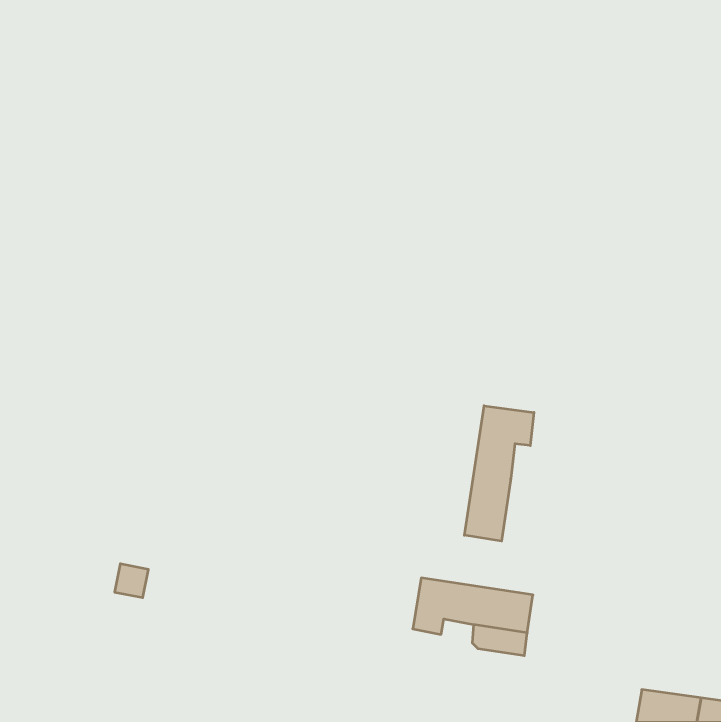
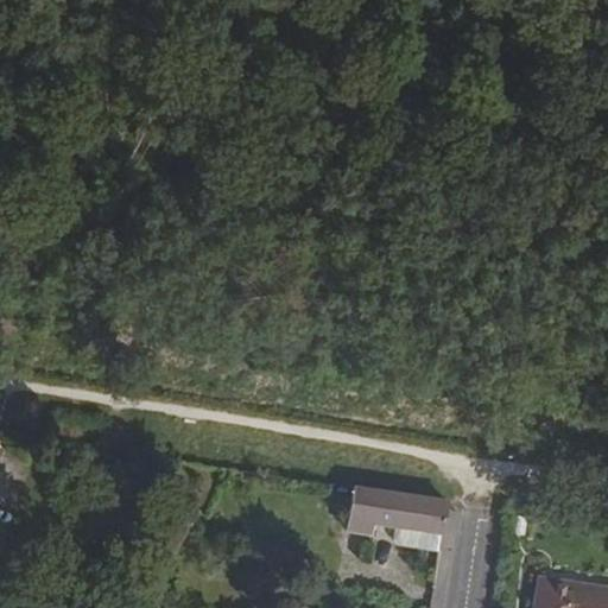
building: [464,406,534,541] -> none

